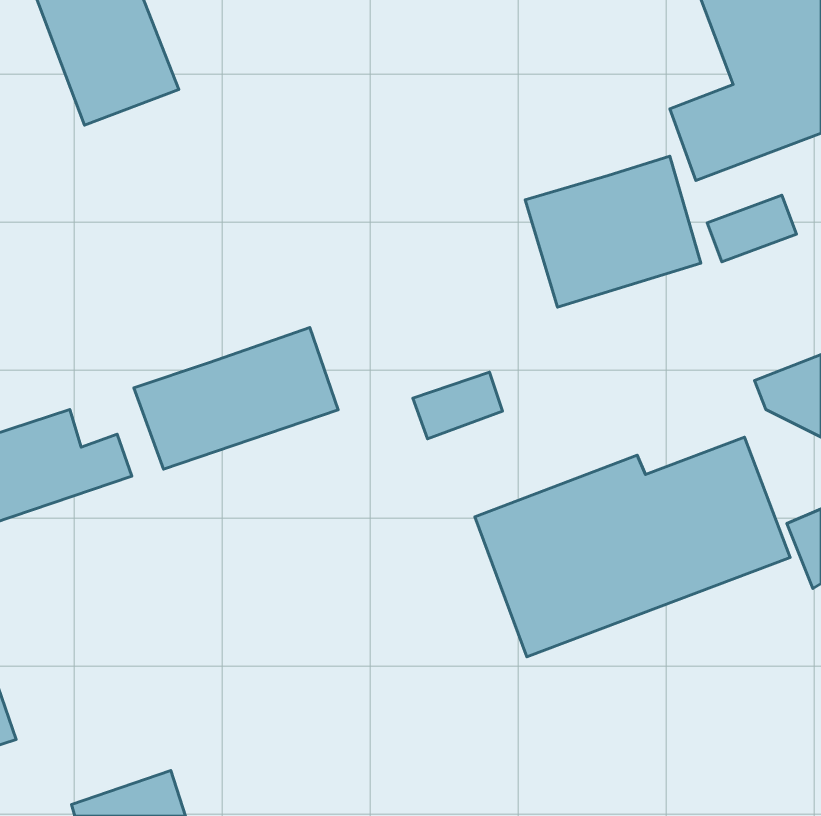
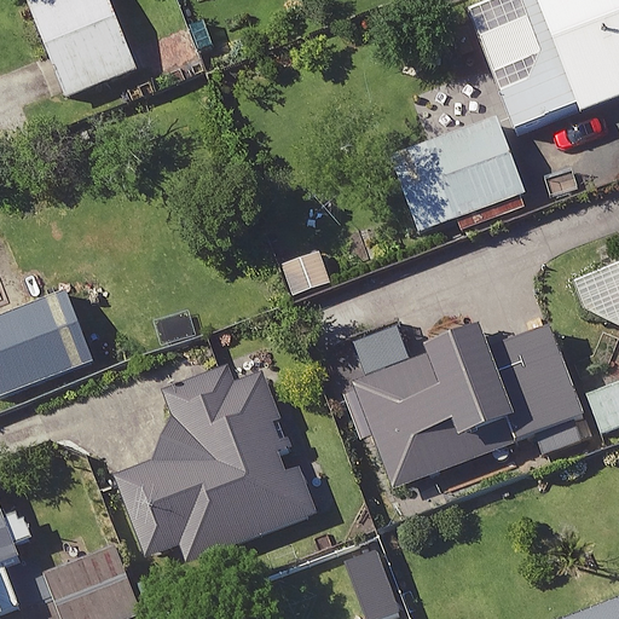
building: [134,328,338,469] -> none
building: none -> [116,364,318,556]

